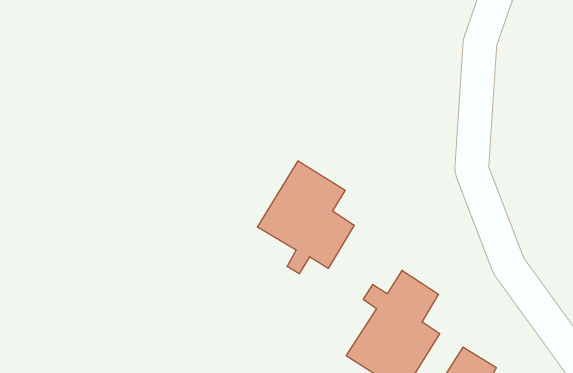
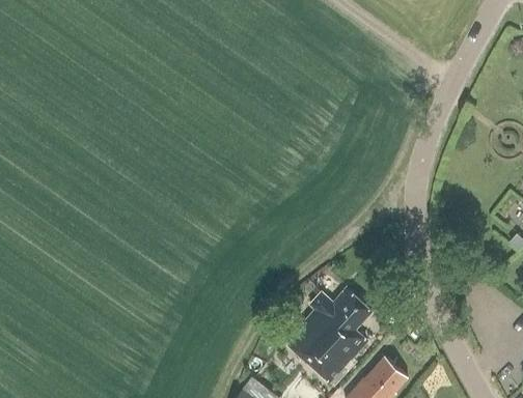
building: [257,161,354,274] -> none

